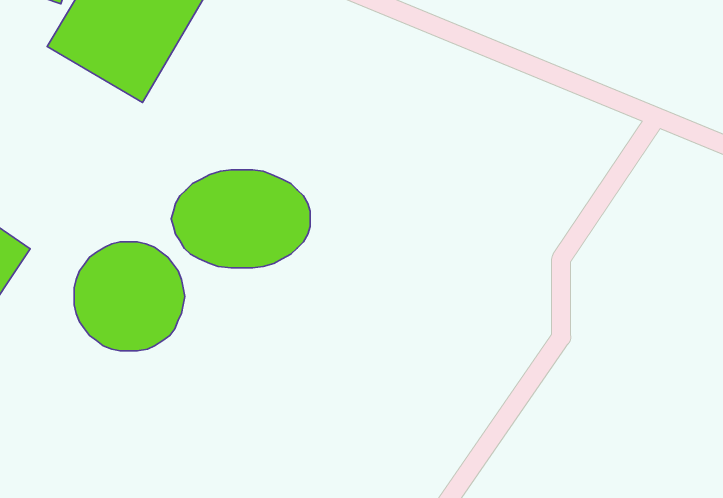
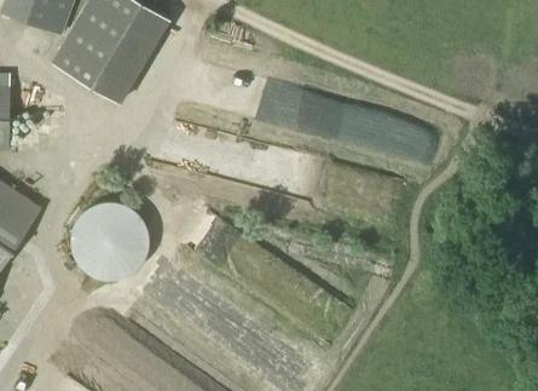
building: [171,170,310,268] -> none

